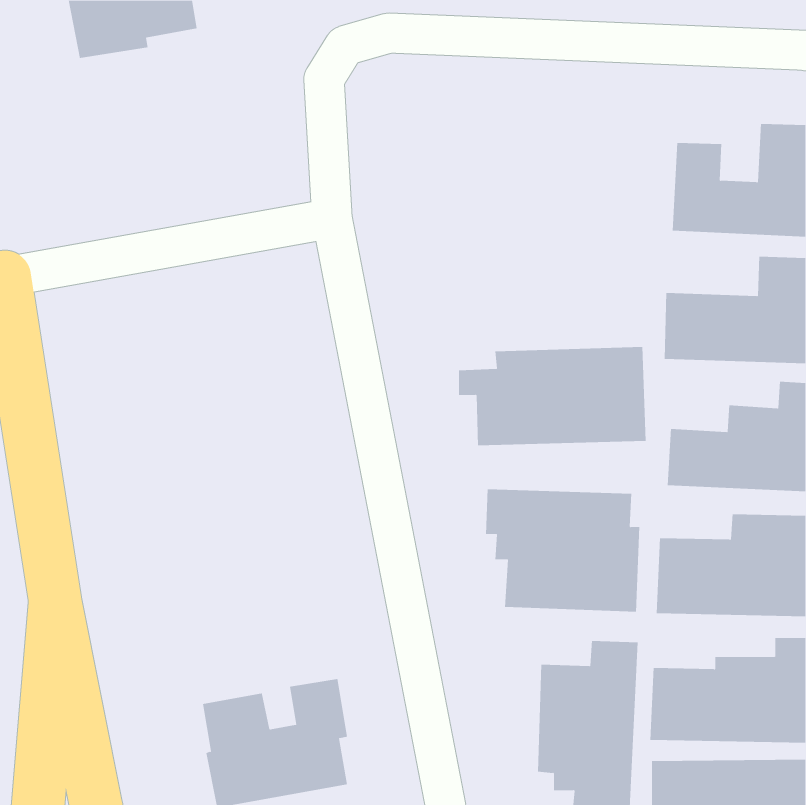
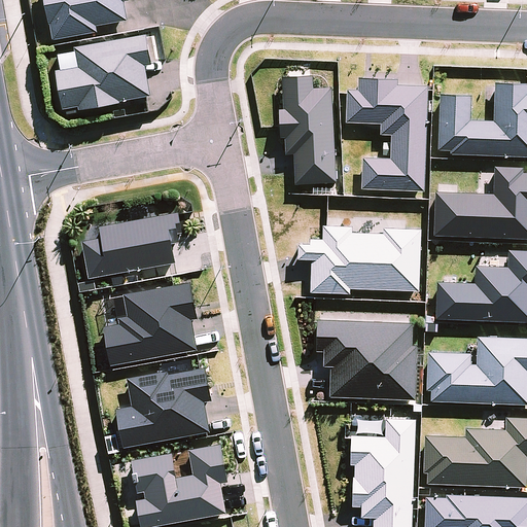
building: none -> [57,35,151,111]
building: none -> [280,75,336,184]
building: none -> [345,77,428,191]
building: none -> [83,214,180,277]
building: none -> [103,282,197,365]
building: none -> [116,366,211,446]

